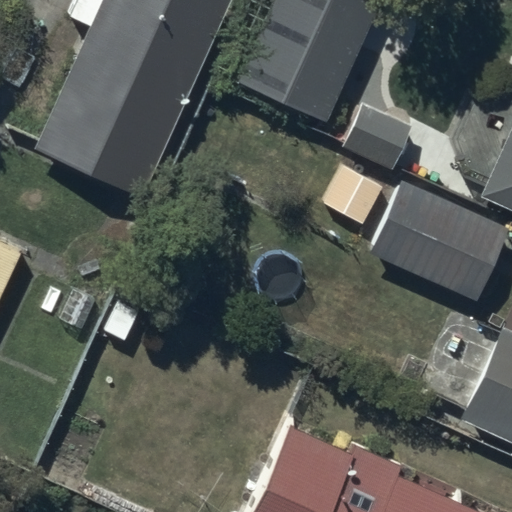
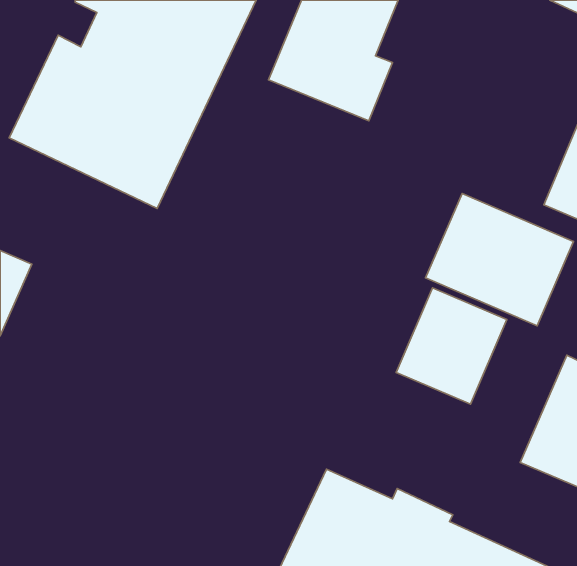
building: none -> [396,288,507,404]

